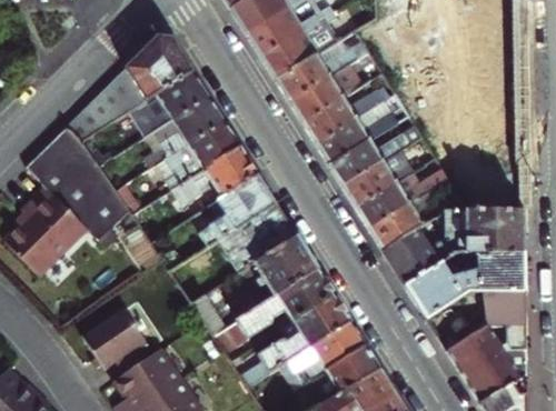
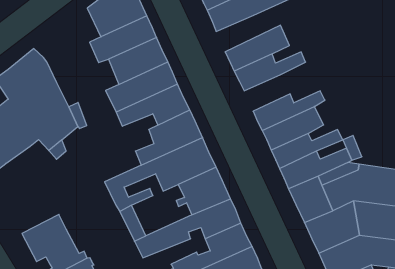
building: [277,38,370,100] -> none
building: [69,70,145,138] -> none
building: [318,109,398,164] -> none

